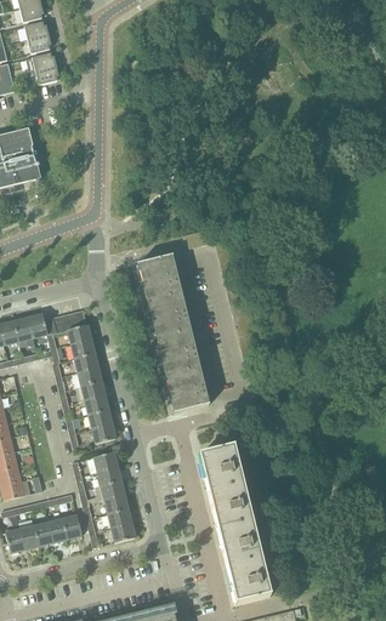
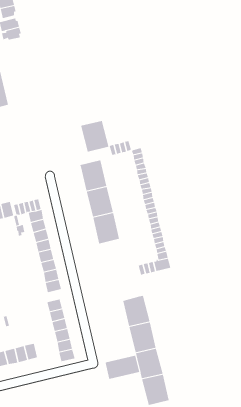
building: none -> [81,120,109,152]
building: [168,366,209,411] -> none
building: none -> [104,355,140,381]

